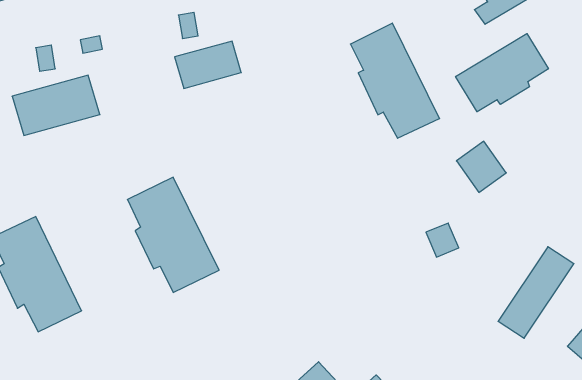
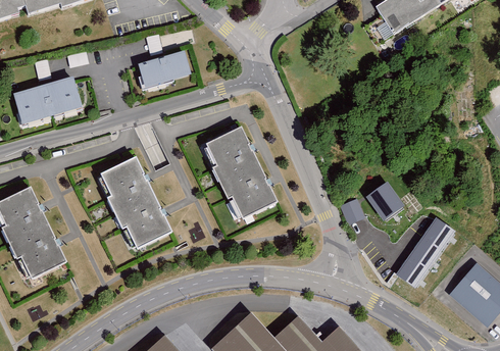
building: [350,23,440,138] -> [207,130,277,219]
building: [456,34,548,112] -> none
building: [456,141,506,192] -> [361,178,400,217]

